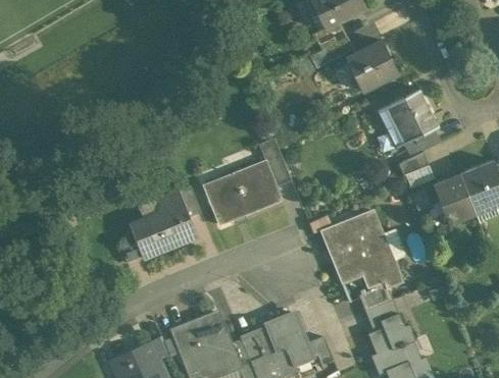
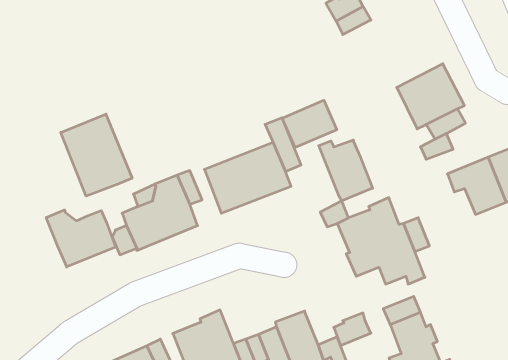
building: [345,41,396,91] -> none
building: none -> [282,100,337,148]
building: none -> [61,114,132,196]
building: none -> [319,140,373,201]
building: none -> [46,210,116,267]
building: [358,281,392,311] -> [334,313,371,345]

